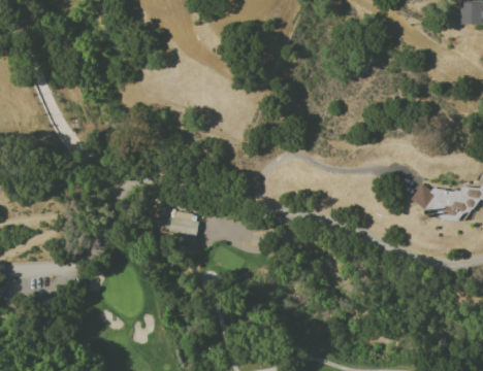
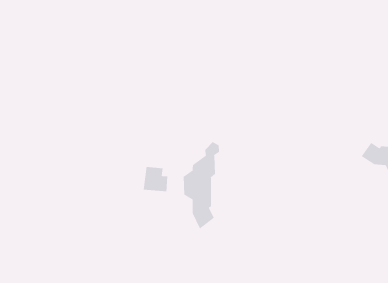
building: none -> [183,141,220,230]

